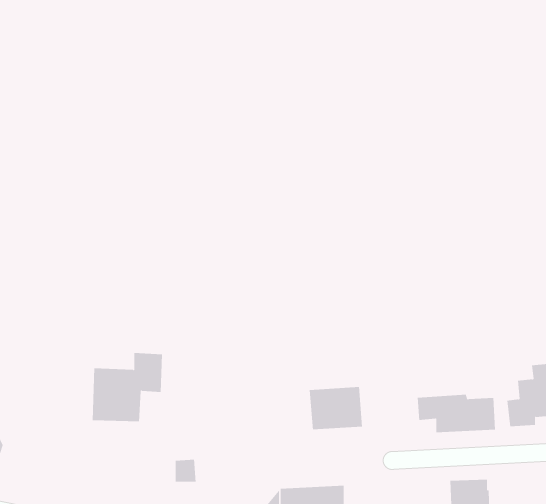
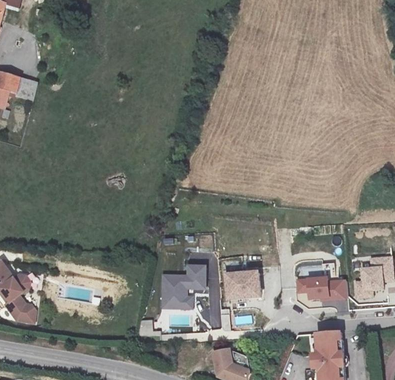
building: [92,353,163,422] -> [161,264,207,309]

